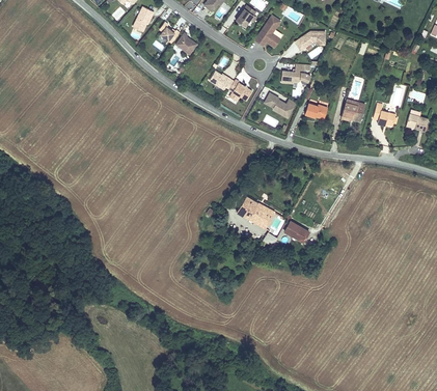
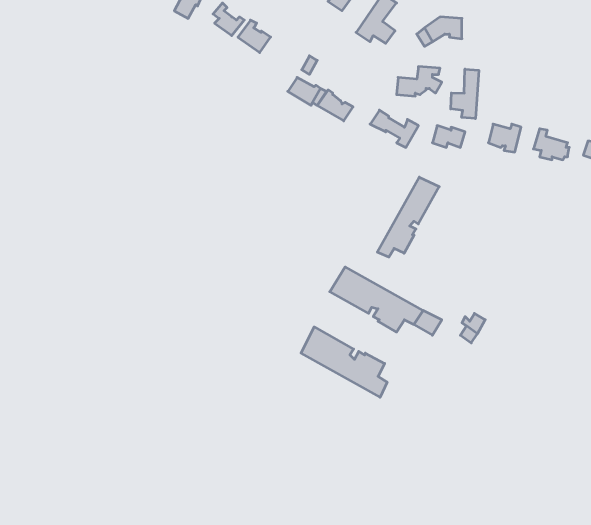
building: none -> [451,69,479,119]
building: none -> [377,177,439,257]
building: none -> [301,327,387,397]

